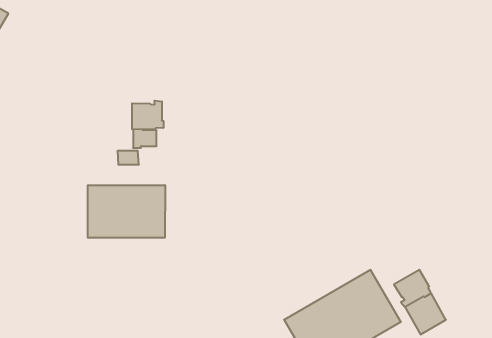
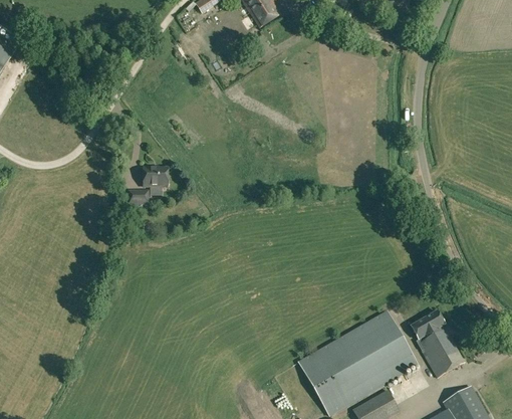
building: [132,101,163,129] -> none
building: [88,185,165,238] -> none

